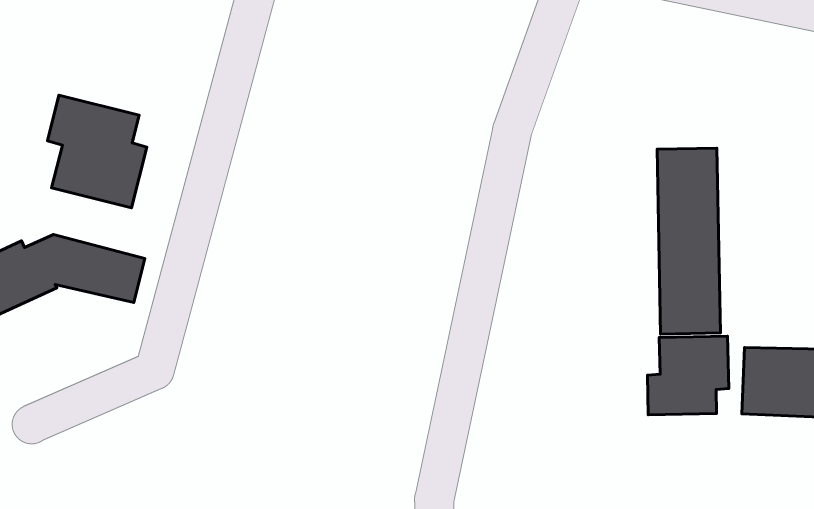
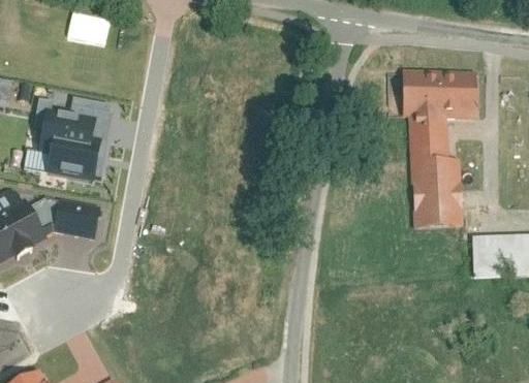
building: none -> [399,70,476,116]
building: [648,336,729,415] -> none

